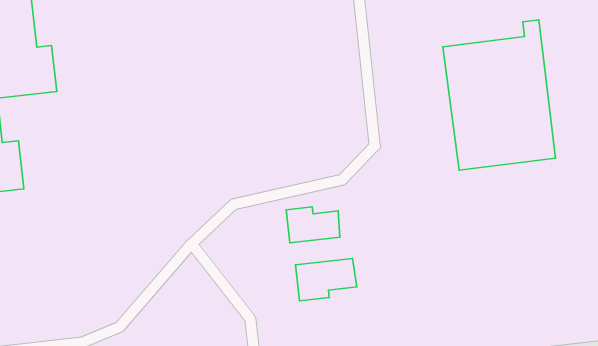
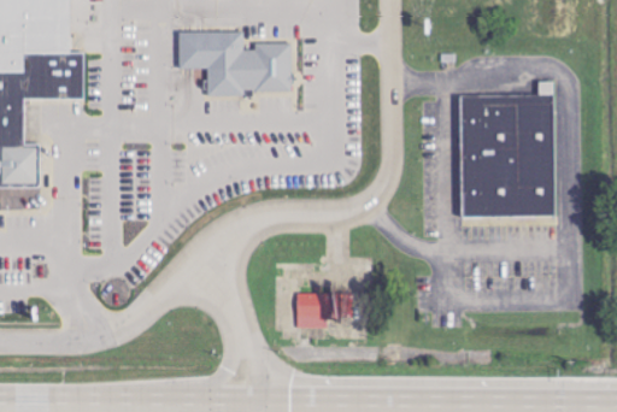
building: none -> [175,31,289,95]
building: [286,207,340,243] -> none

